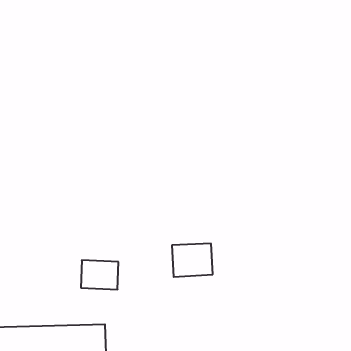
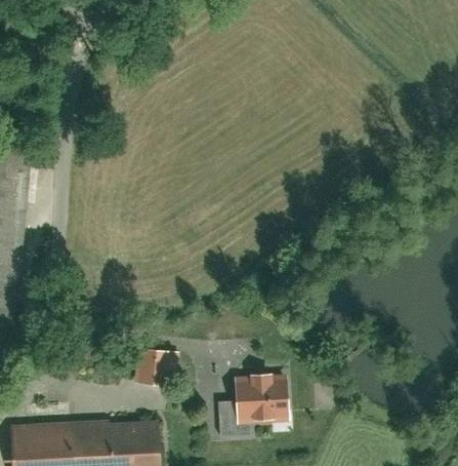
building: [172,244,213,277] -> [224,384,275,425]

